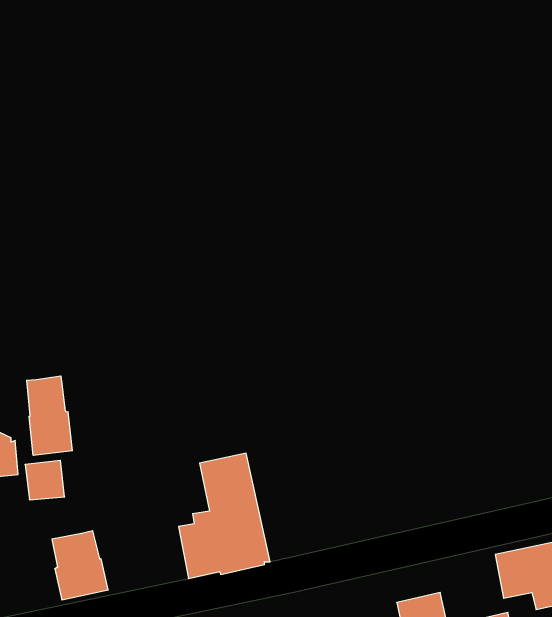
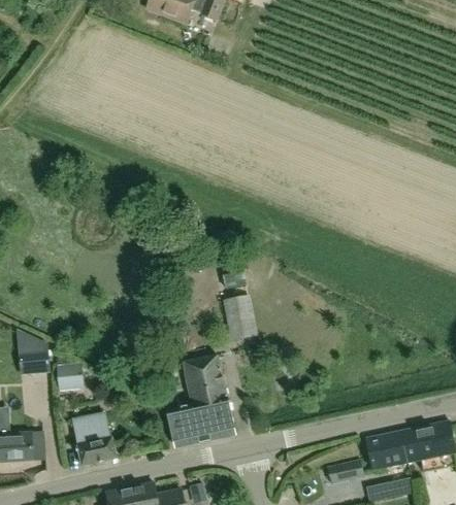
building: none -> [223,295,257,340]
building: [27,376,72,455] -> none
building: none -> [365,431,405,471]

